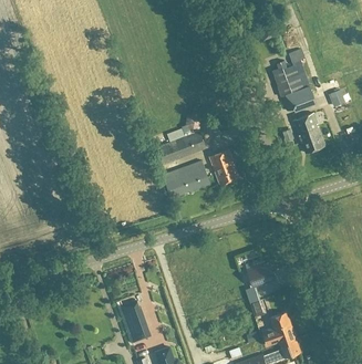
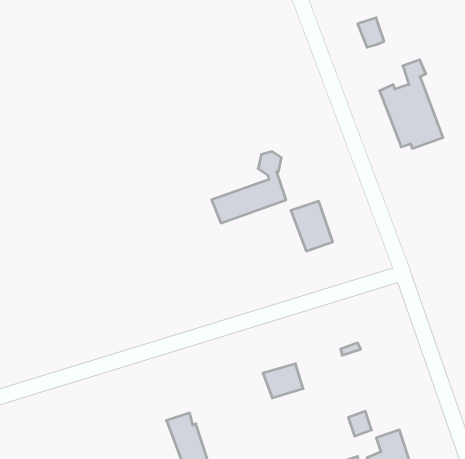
building: [292,113,324,153] -> none
building: [163,162,208,197] -> none
building: [245,262,273,287] -> [263,364,303,398]

